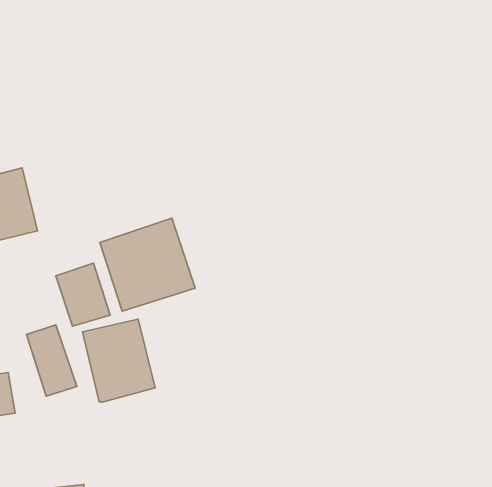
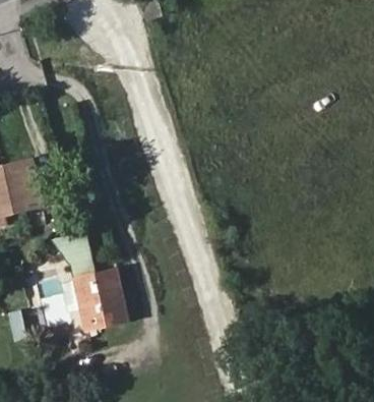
building: [100,218,195,311] -> none

